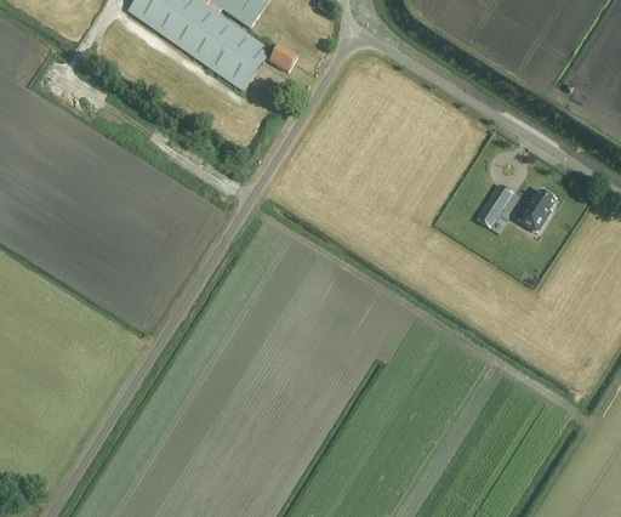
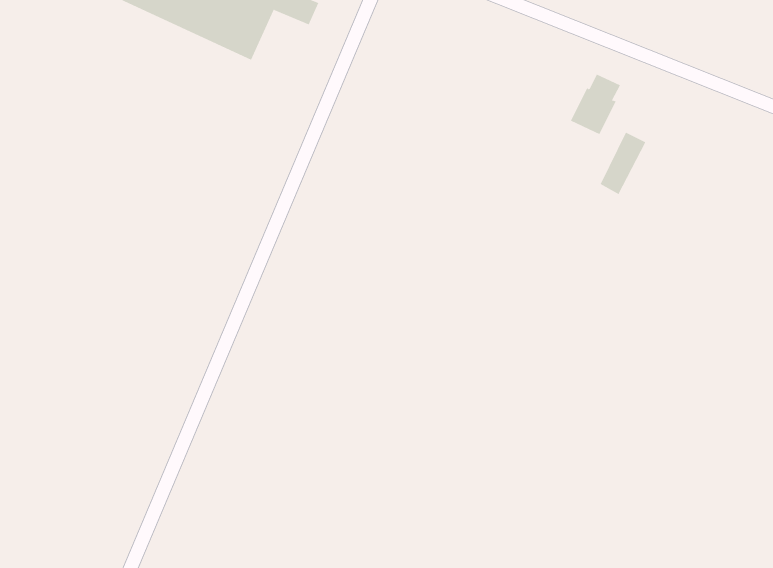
building: [517,186,557,229] -> [570,74,621,135]

